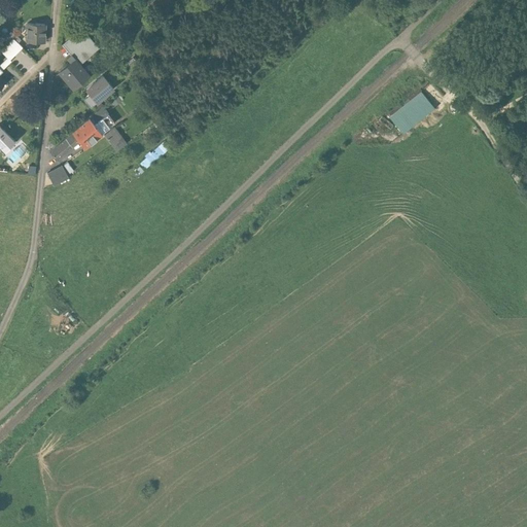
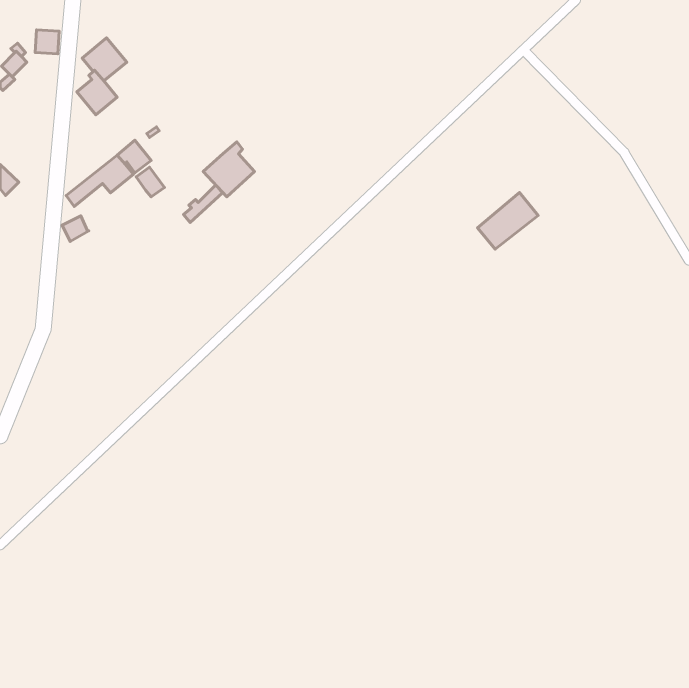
building: [84,75,112,106] -> none
building: [390,91,436,134] -> [478,193,538,249]
building: none -> [203,142,255,197]

